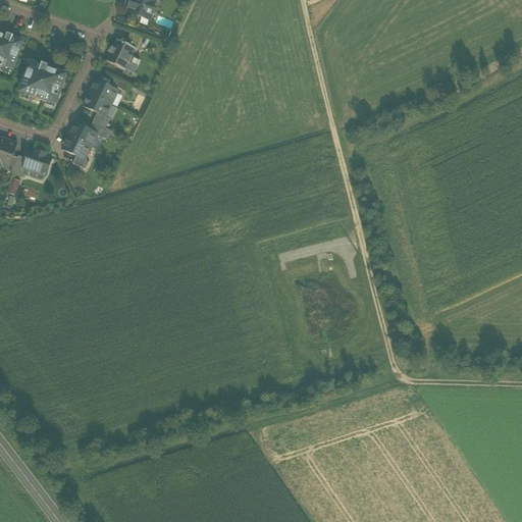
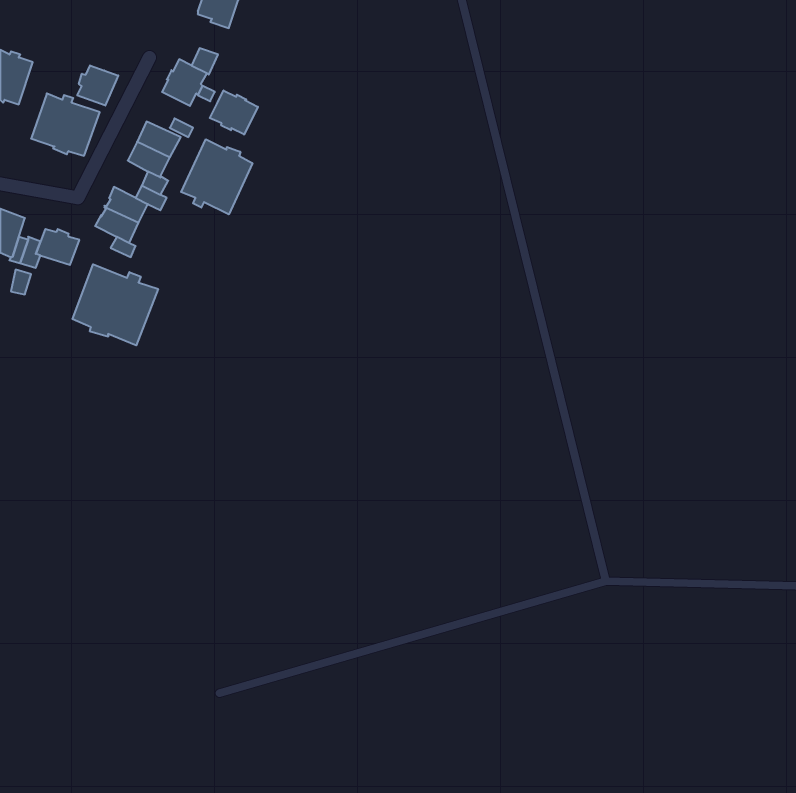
building: none -> [77,65,118,106]
building: none -> [210,90,258,135]
building: none -> [181,139,252,214]
building: none -> [72,264,158,345]

